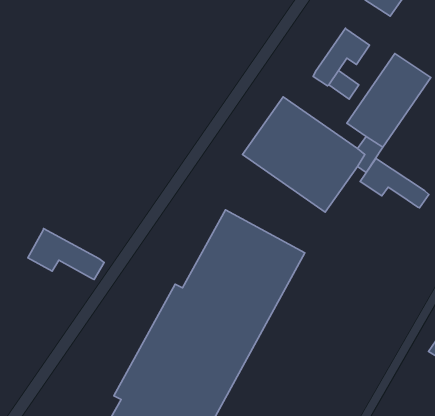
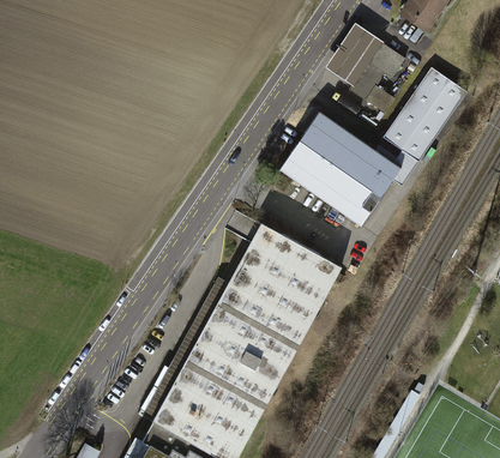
building: none -> [324,24,384,86]
building: [360,158,429,208] -> none
building: [28,228,104,280] -> none

